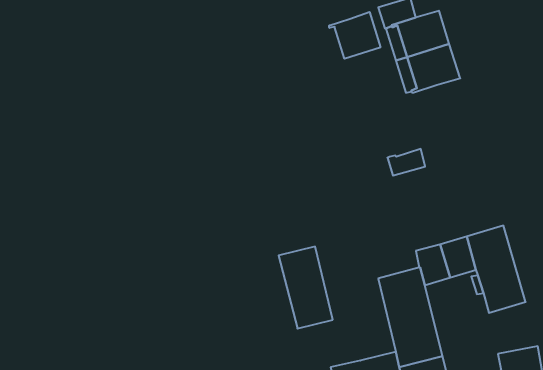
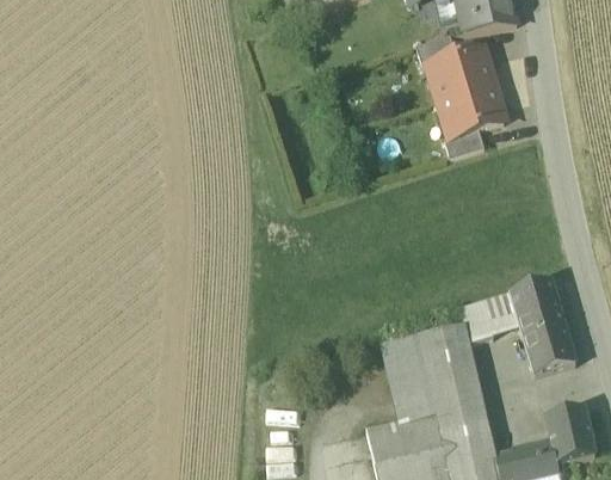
building: [329,12,380,59] -> none
building: [387,149,425,176] -> [444,124,485,153]
building: [279,247,333,329] -> [377,333,436,421]

